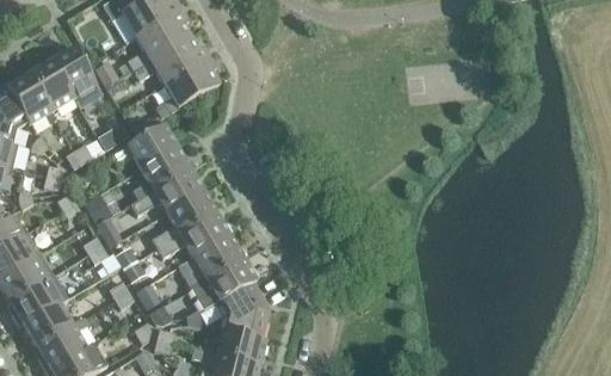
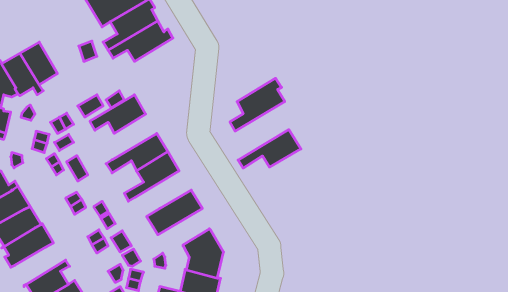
building: [51,47,101,107] -> none
building: [155,56,220,118] -> [230,78,285,131]
building: [132,146,190,199] -> none
building: [156,212,230,258] -> [238,130,301,168]
building: [191,257,257,310] -> none
building: [23,302,73,346] -> none

